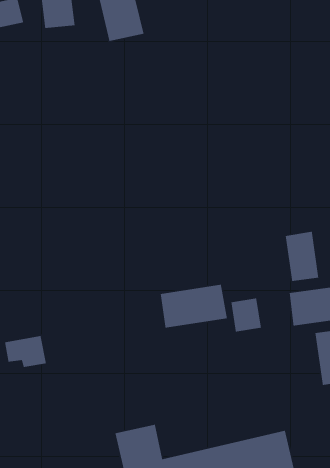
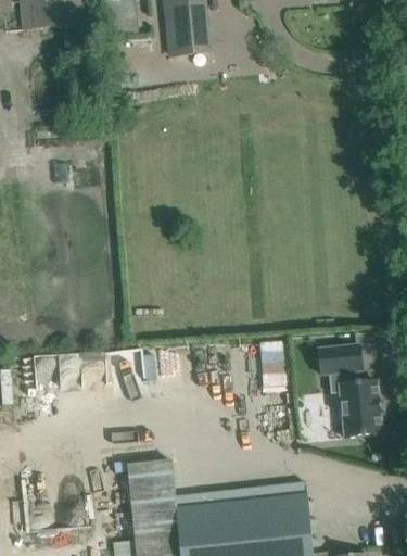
building: [285,231,319,282] -> none
building: [160,284,228,329] -> none

